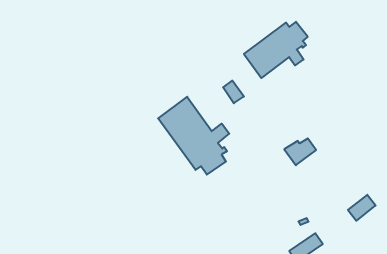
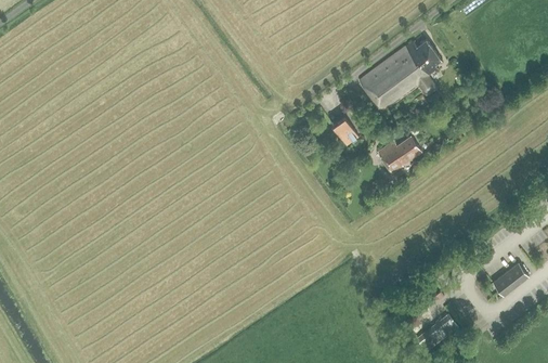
building: [158,97,229,175] -> none
building: [284,138,316,165] -> [377,138,418,172]

